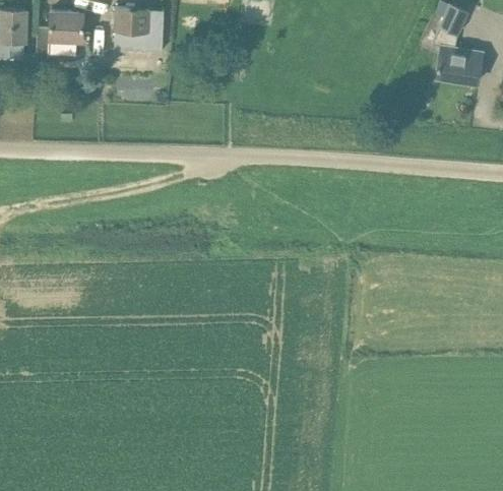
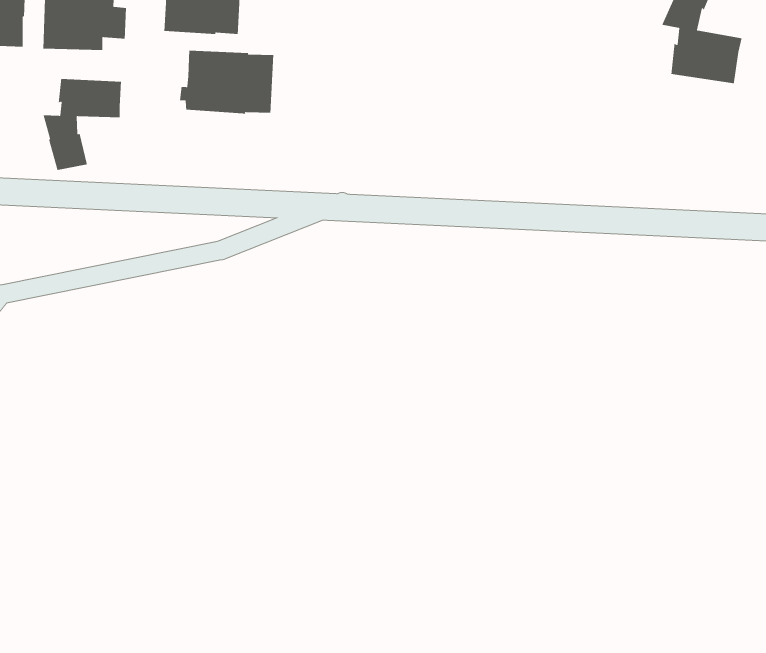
building: none -> [179,50,274,114]
building: none -> [43,78,122,171]

